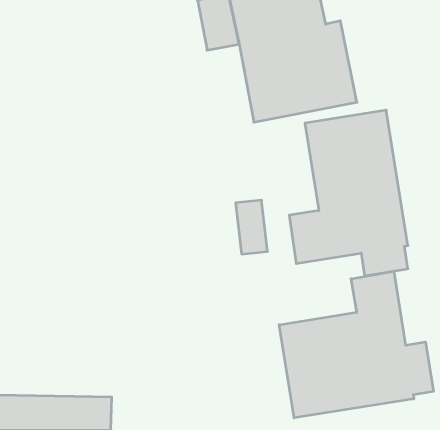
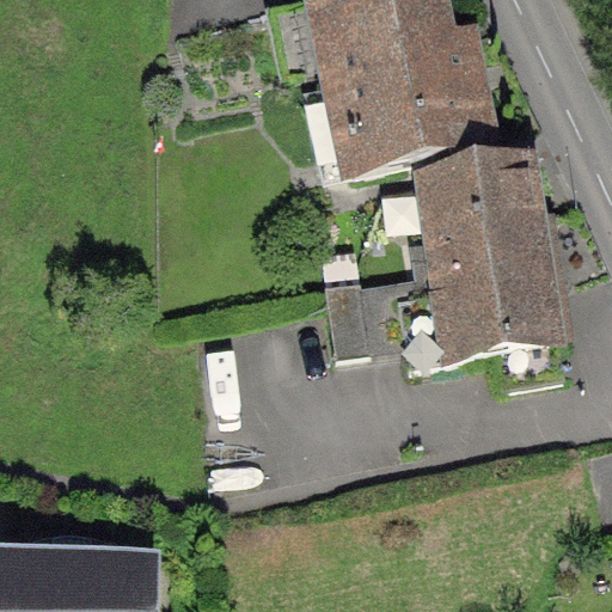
building: [279,271,433,418] -> none

